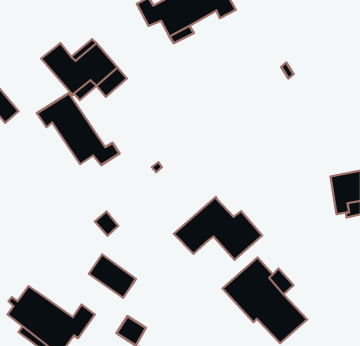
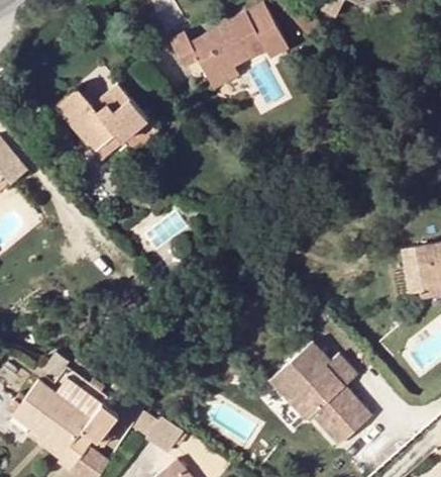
building: [37,93,119,165] -> none
building: [174,197,262,260] -> none
building: [89,254,136,298] -> [51,366,108,418]

